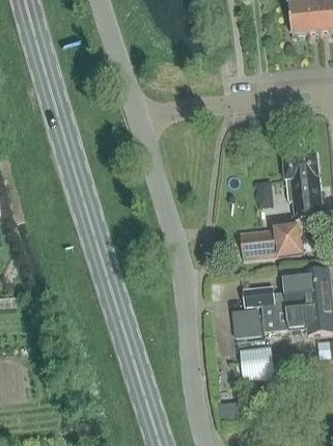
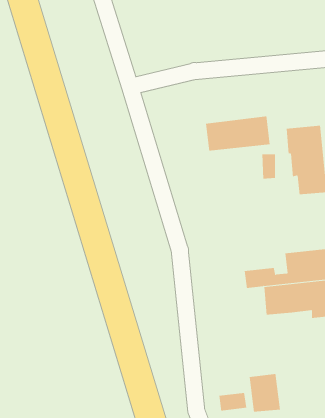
building: [241,226,302,259] -> [205,116,270,151]
building: [233,307,262,337] -> none
building: [240,343,270,380] -> [249,373,281,412]

